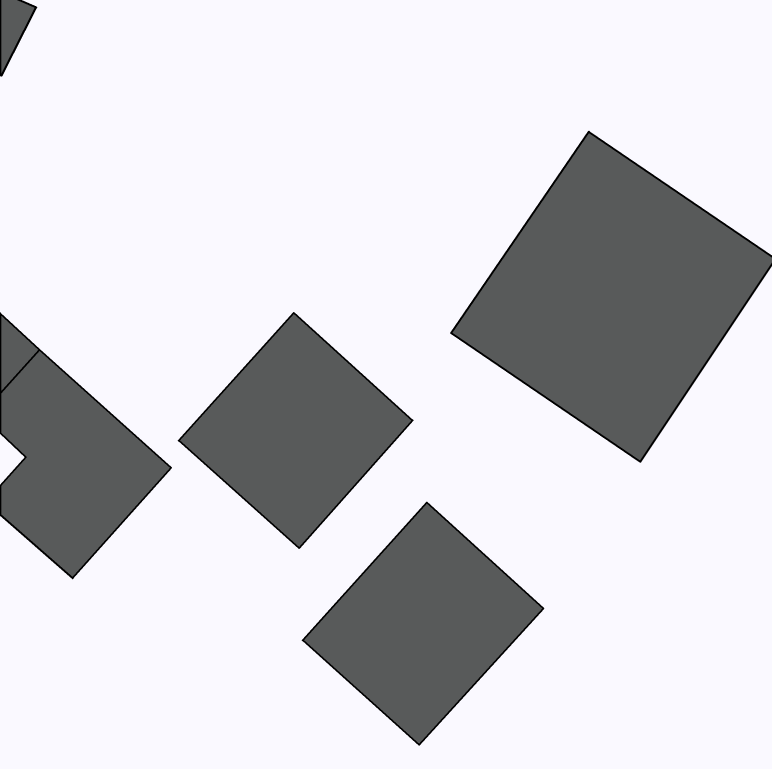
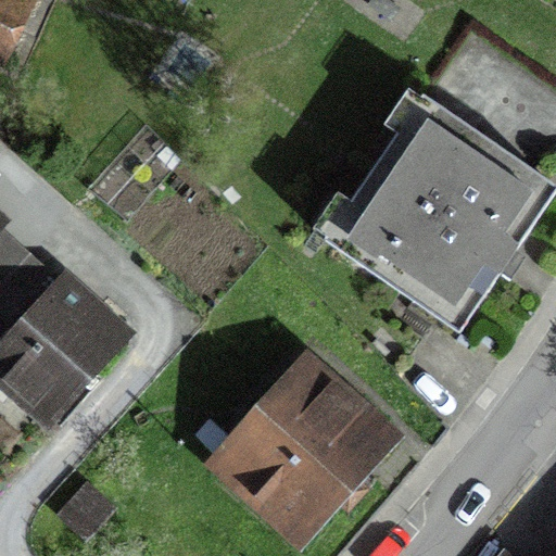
building: [179,313,413,548] -> none

